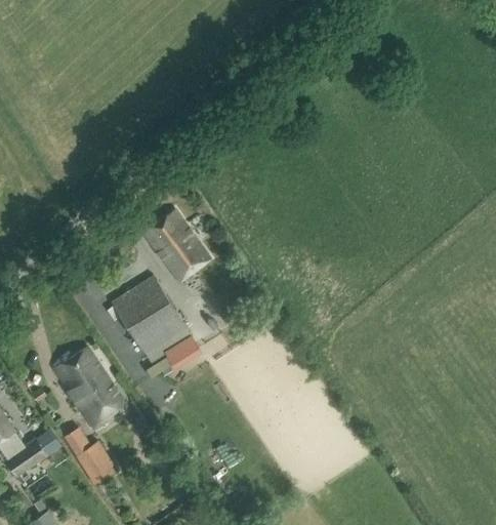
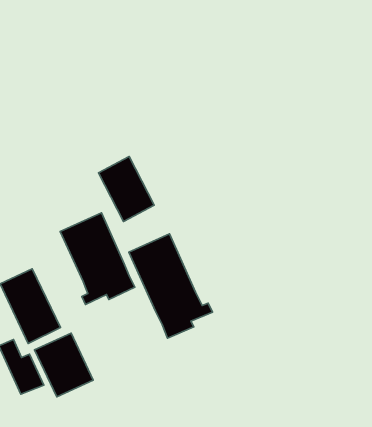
building: none -> [129,234,212,338]
building: none -> [35,333,93,397]

